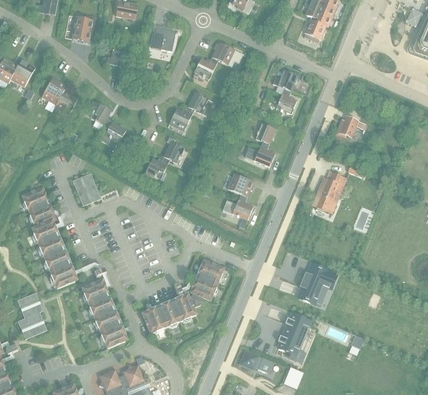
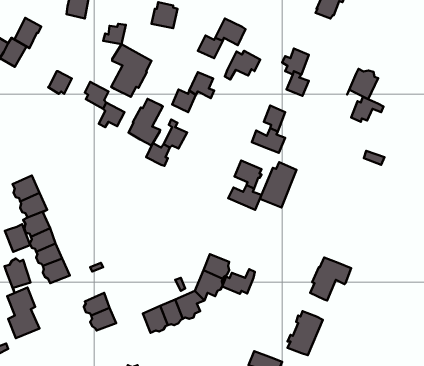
building: none -> [111,44,151,97]
building: none -> [225,51,260,80]
building: [42,76,67,104] -> [14,18,41,48]
building: none -> [347,69,378,99]
building: none -> [129,99,163,145]
building: [313,170,347,212] -> [260,162,297,208]
building: [72,172,101,204] -> none
building: none -> [5,224,30,252]
building: none -> [5,259,31,293]
building: none -> [222,269,255,294]
building: [82,280,107,304] -> none
building: [100,324,125,347] -> none

